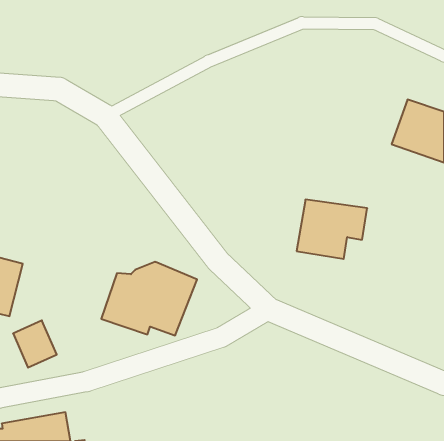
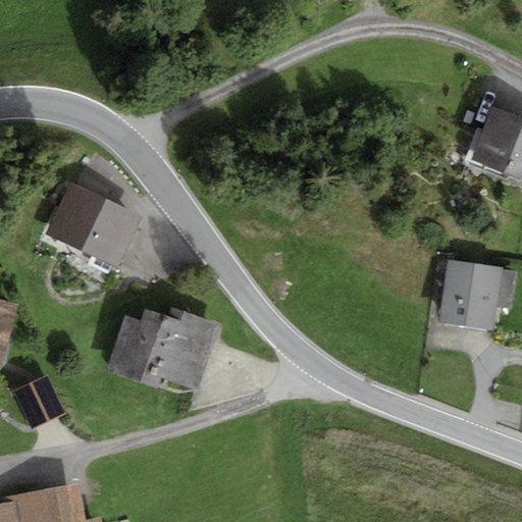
building: none -> [46,181,140,265]
building: [297,200,367,259] -> [425,265,508,334]

